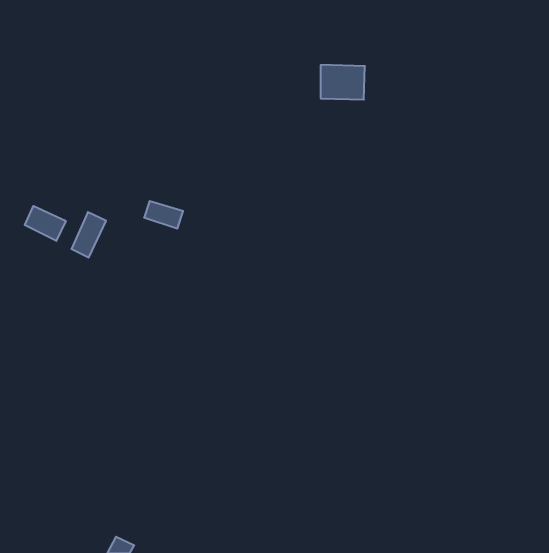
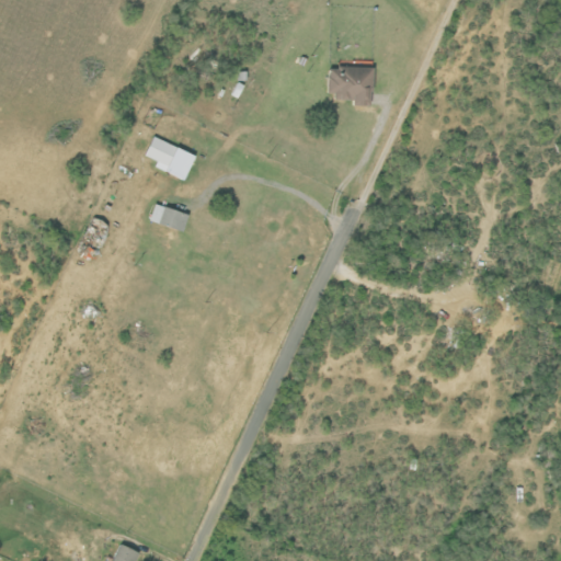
building: none -> [146,136,196,179]
building: [25,206,66,241] -> none

